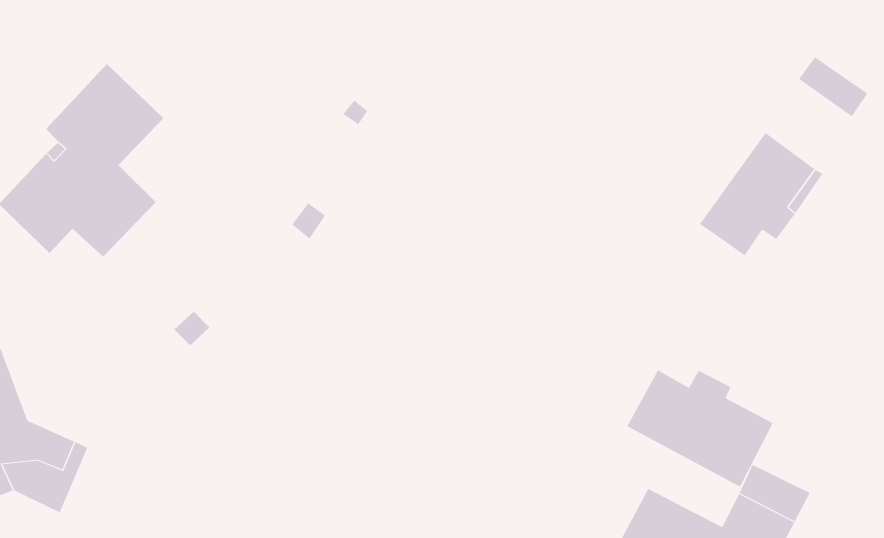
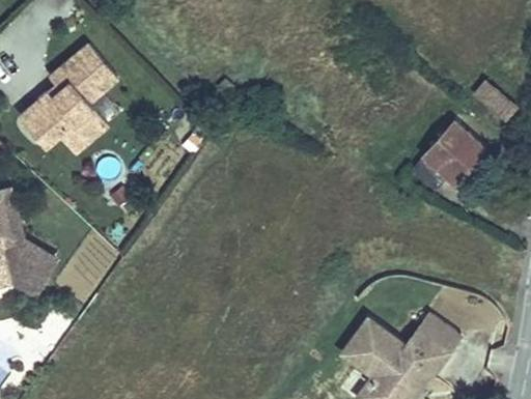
building: [626,370,773,487] -> none

